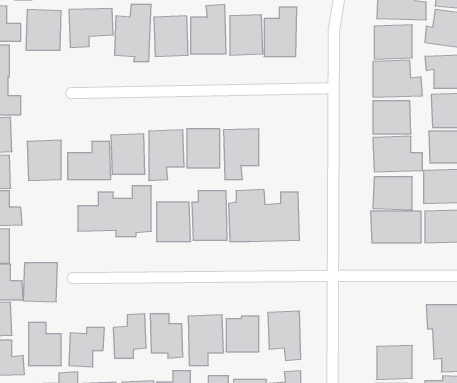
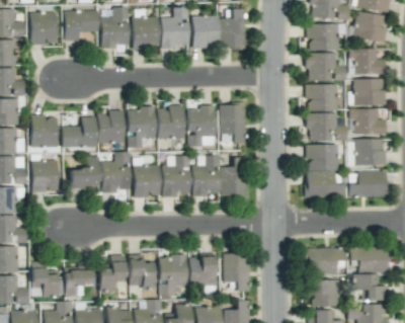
building: none -> [219,103,246,143]
building: [23,263,57,302] -> [31,160,59,191]
building: none -> [305,247,346,274]

